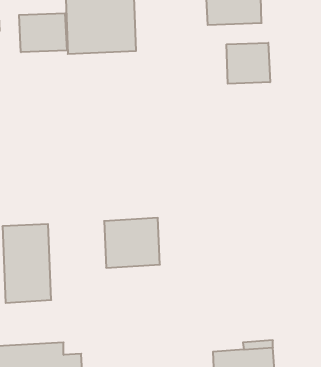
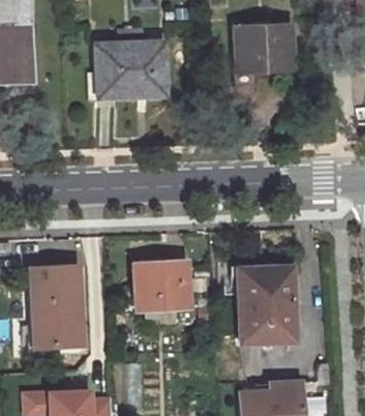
building: [19,13,67,52] -> none
building: [227,43,270,84] -> none
building: none -> [220,271,290,336]

